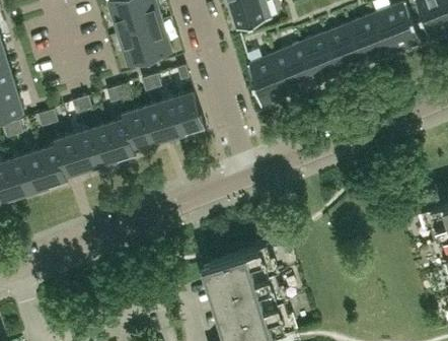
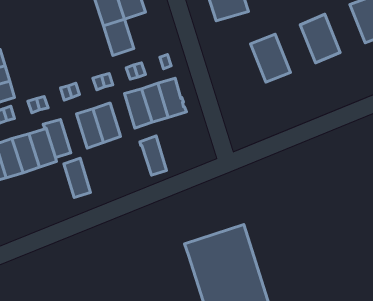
building: [353,12,395,63] -> none
building: [140,20,172,59] -> none
building: [300,33,343,84] -> none
building: [247,54,290,107] -> none
building: [123,107,151,148] -> [140,136,167,175]
building: [72,128,100,169] -> [64,158,91,197]

